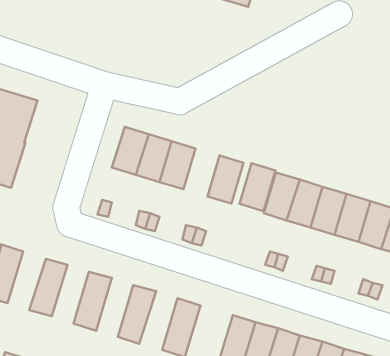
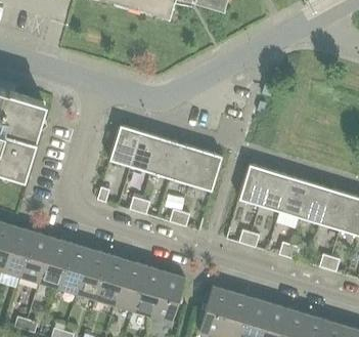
building: [239,163,275,211] -> [171,144,201,185]
building: none -> [20,233,53,283]
building: none -> [58,244,90,294]
building: none -> [96,255,128,305]
building: none -> [133,266,166,317]

